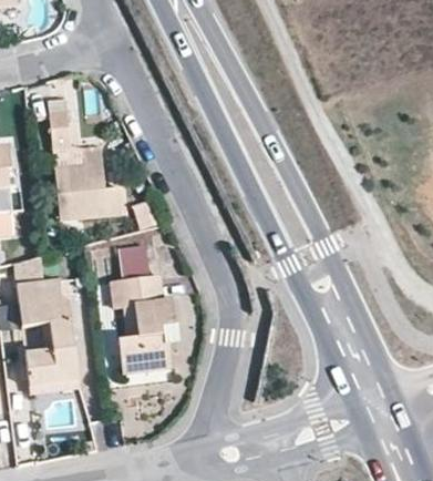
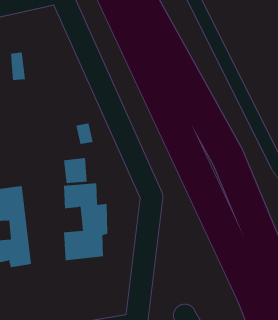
building: [54,143,121,218] -> none

